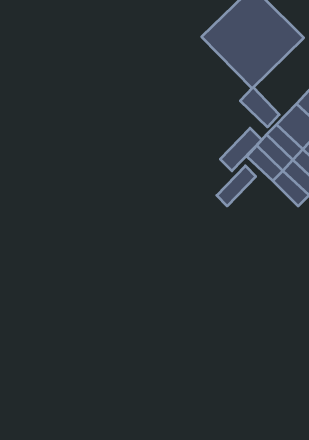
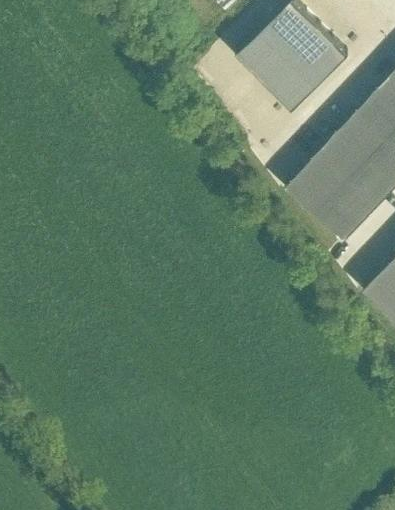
building: [240,87,279,127] -> none
building: [220,128,262,171] -> none
building: [217,166,256,206] -> none

